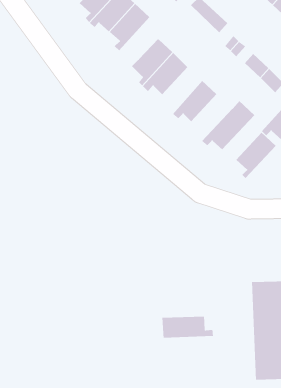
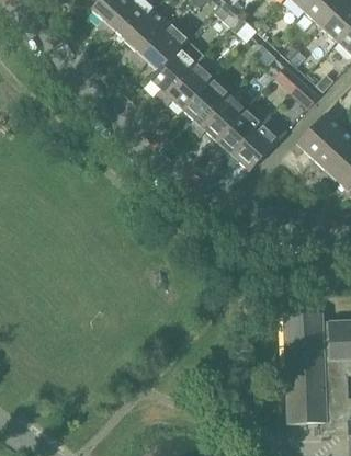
building: none -> [137,24,189,70]
building: none -> [184,79,228,130]
building: [235,132,276,179] -> [216,109,261,160]
building: [162,316,214,338] -> none

